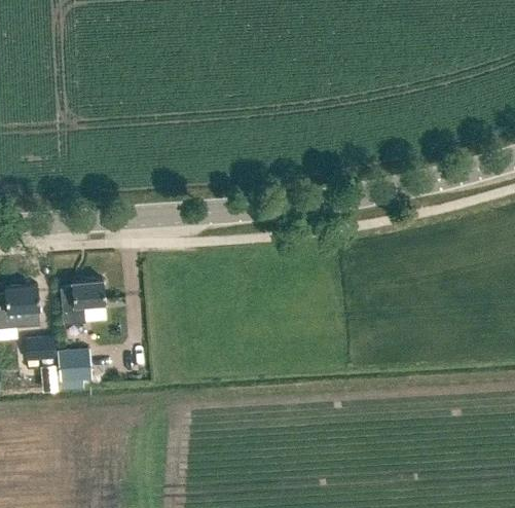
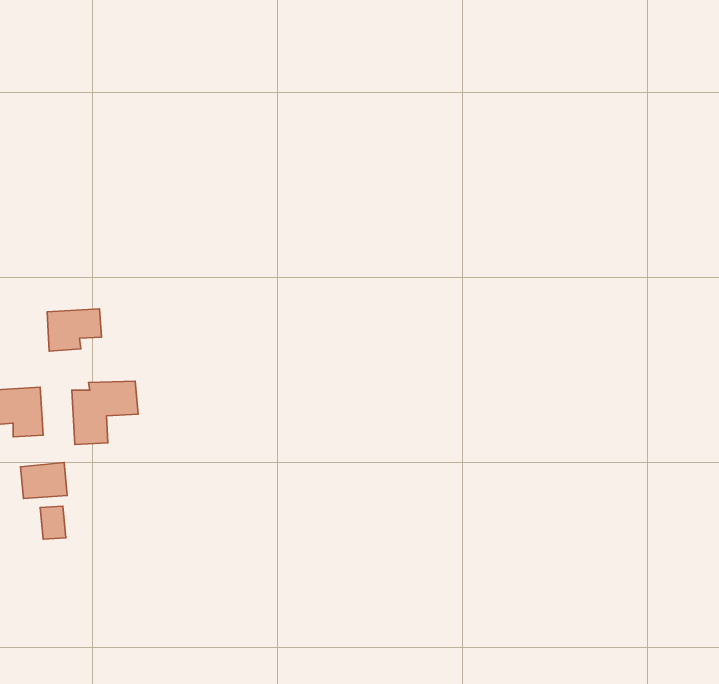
building: none -> [47,309,102,351]
building: [59,352,91,384] -> none

